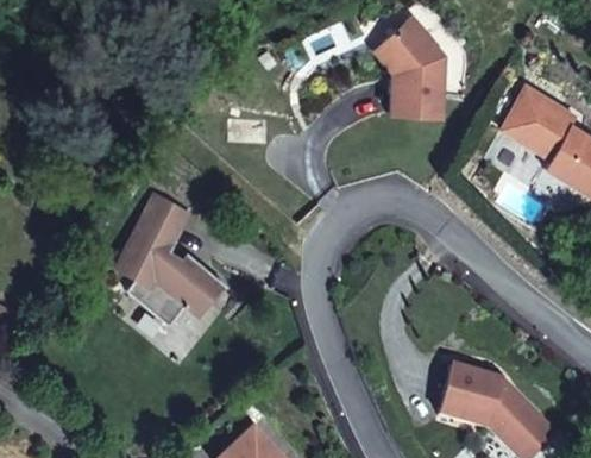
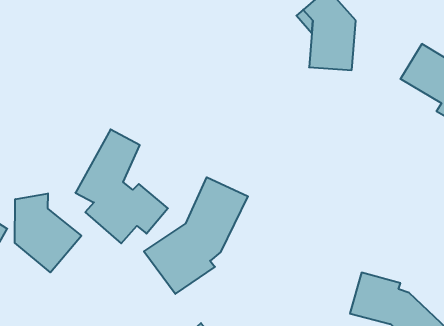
building: none -> [144,177,248,294]
building: none -> [15,193,81,272]

